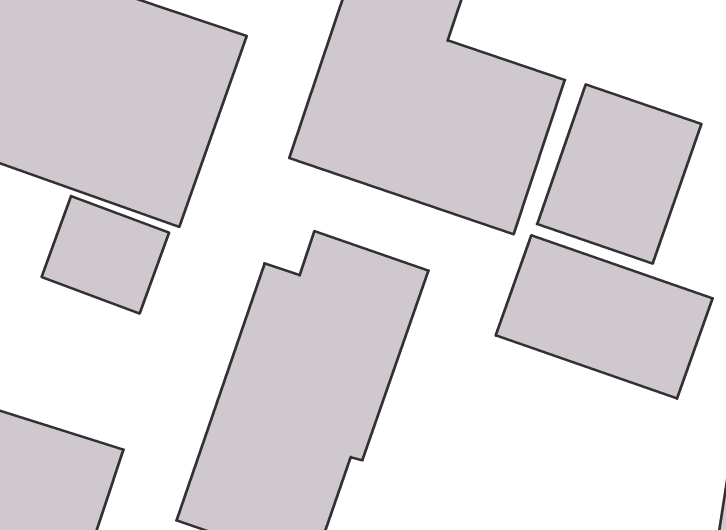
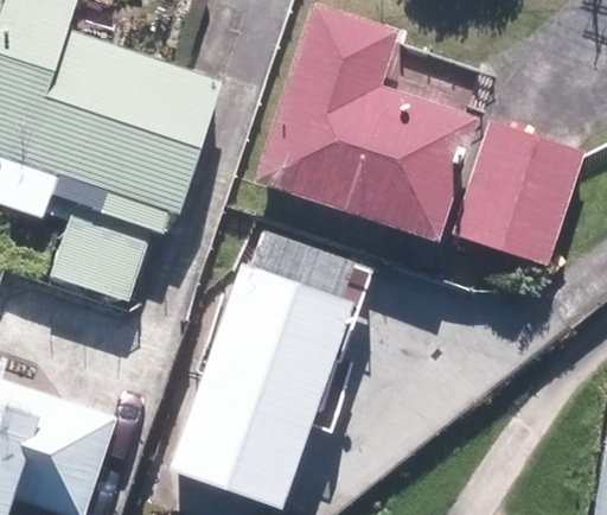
building: [496,235,713,399] -> none

